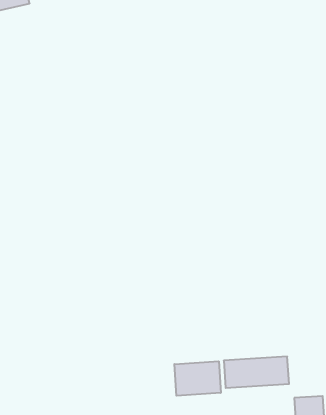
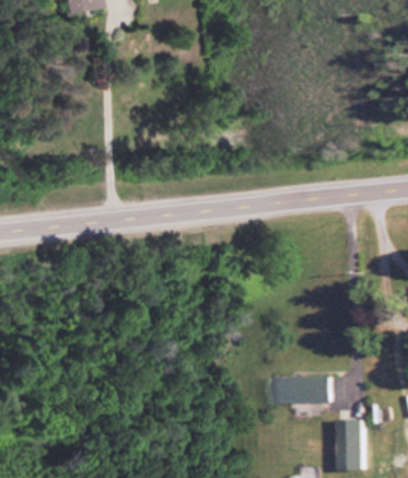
building: [174,361,221,396] -> none

